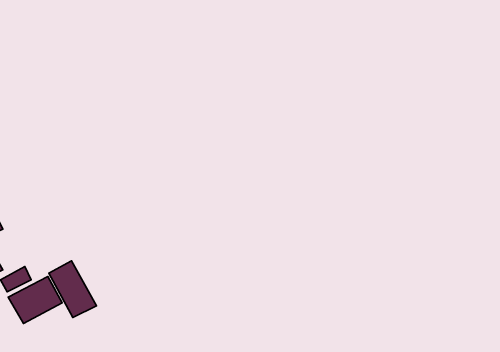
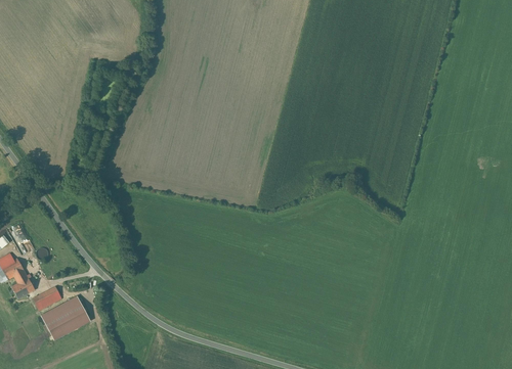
building: [49,261,96,318] -> none

